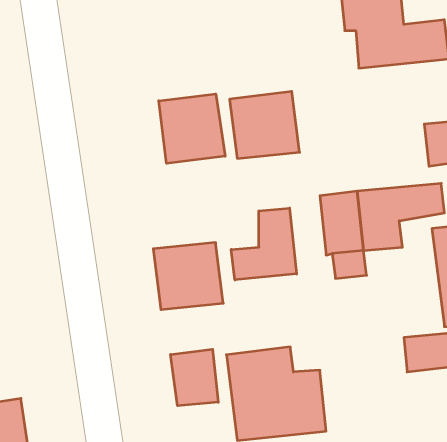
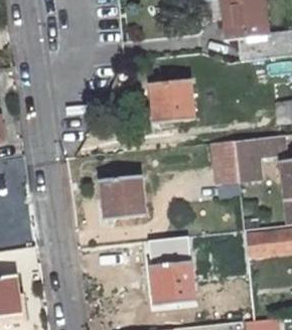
building: [159,94,225,163] -> none
building: [231,208,297,280] -> none
building: [171,349,218,406] -> none

